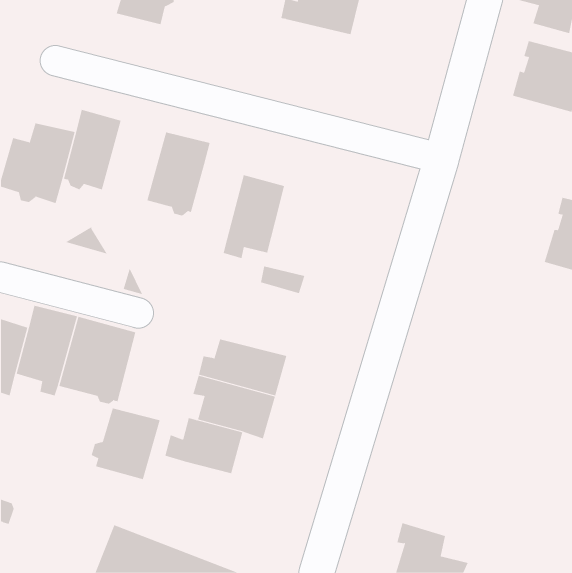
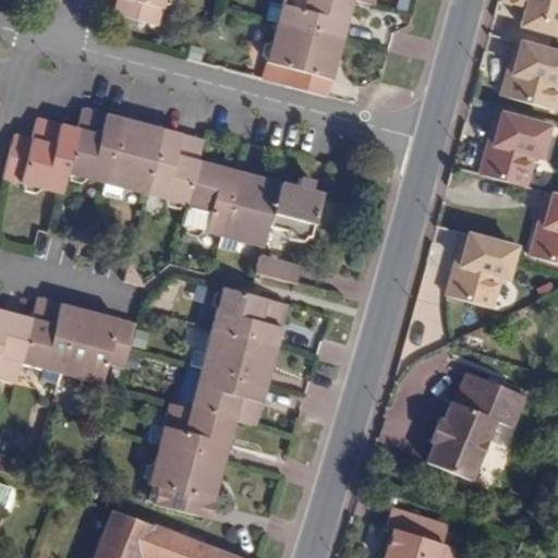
building: none -> [267,19,343,92]
building: none -> [477,109,548,185]
building: none -> [100,117,163,199]
building: none -> [184,159,239,232]
building: none -> [270,167,325,229]
building: none -> [445,230,518,307]
building: none -> [216,289,292,344]
building: none -> [427,372,522,476]
building: [91,408,161,480] -> [160,447,228,517]

